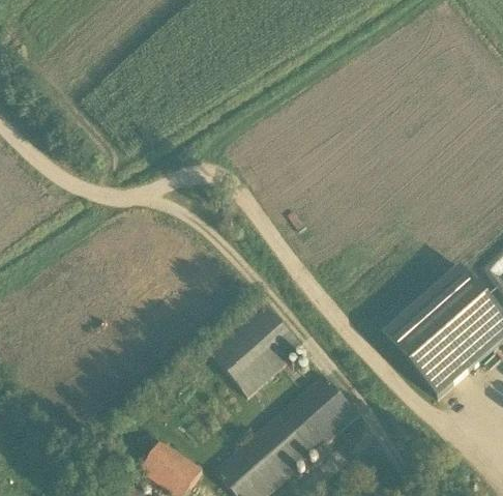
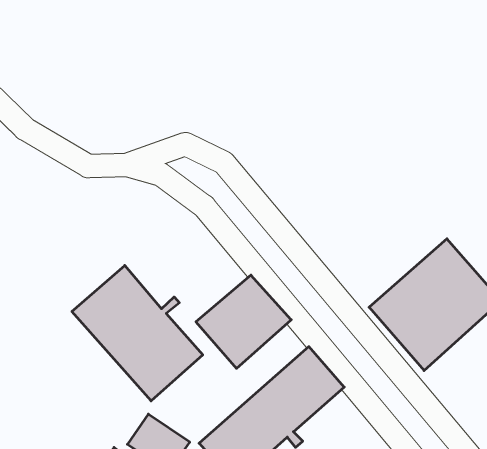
building: none -> [72,265,203,401]

